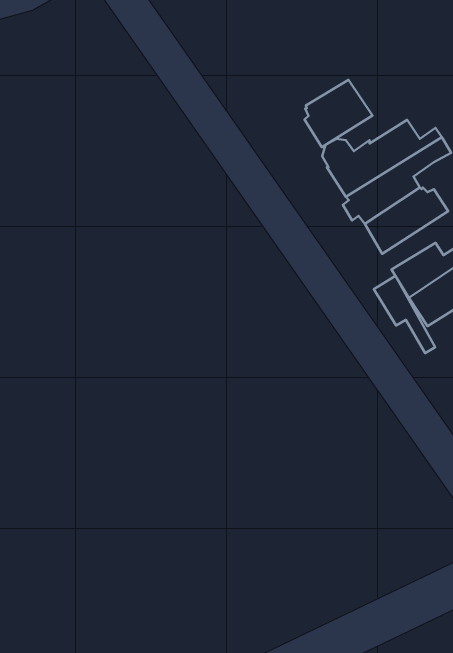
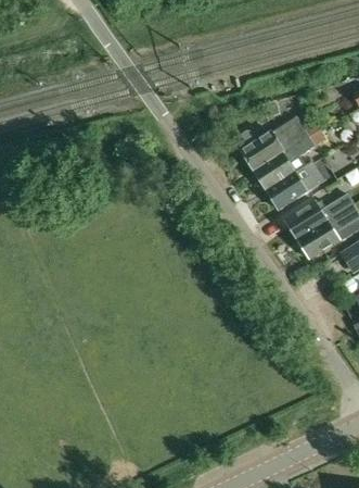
building: [305,80,372,147] -> none
building: [374,276,435,353] -> none

